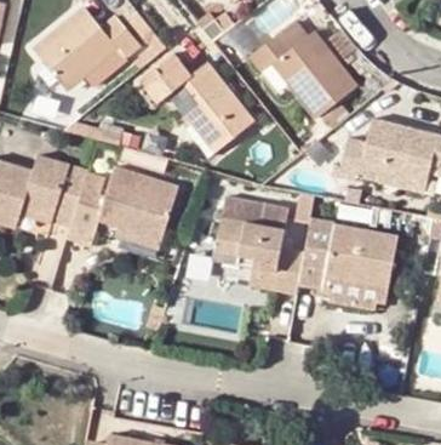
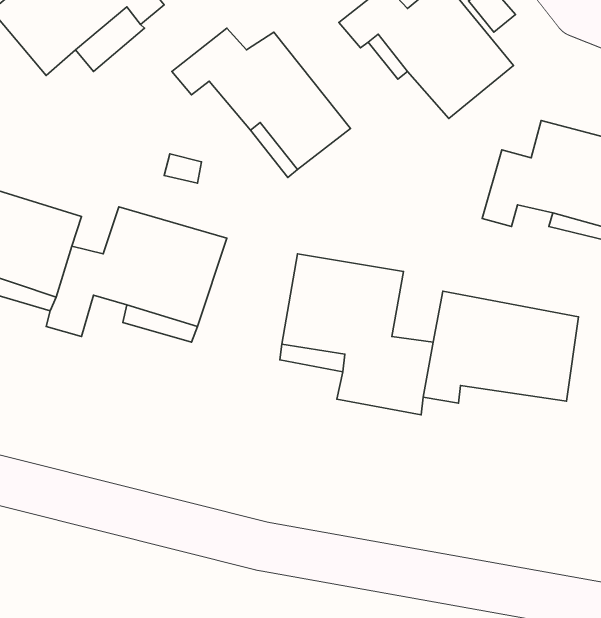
building: [320,279,389,313] -> none

